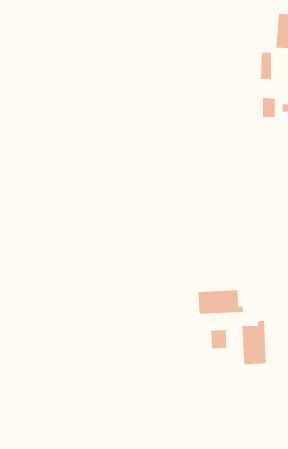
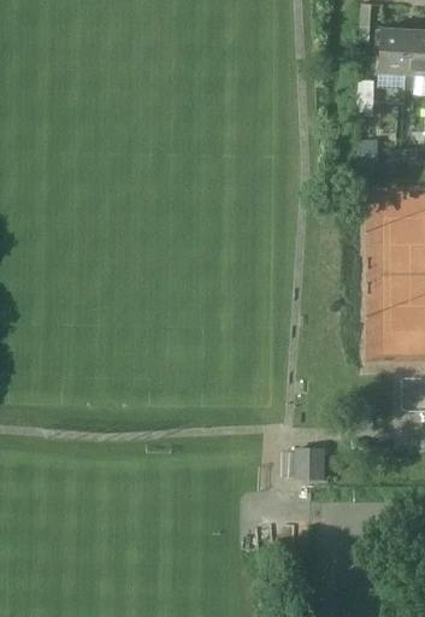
building: [198,289,243,315] -> none
building: [242,320,266,365] -> none

